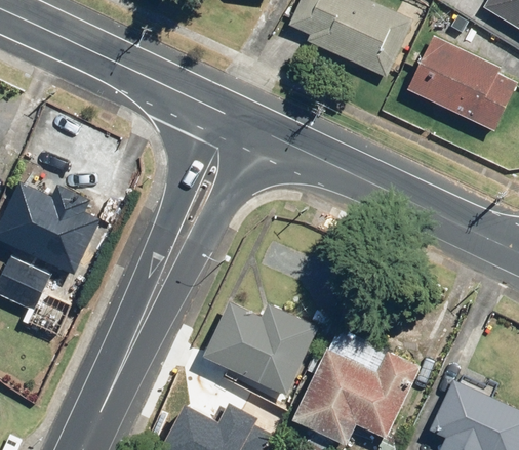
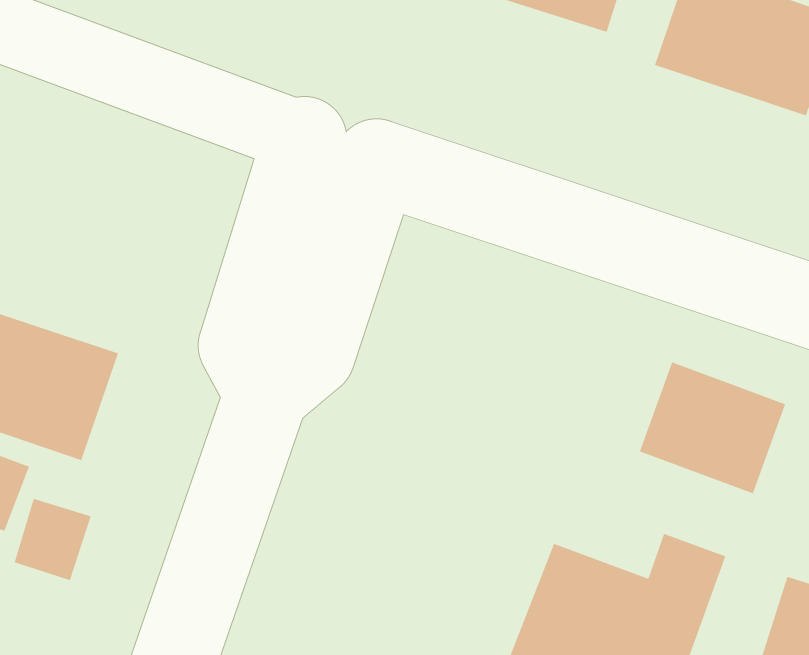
building: none -> [639,362,786,494]
building: [203,299,320,394] -> none

